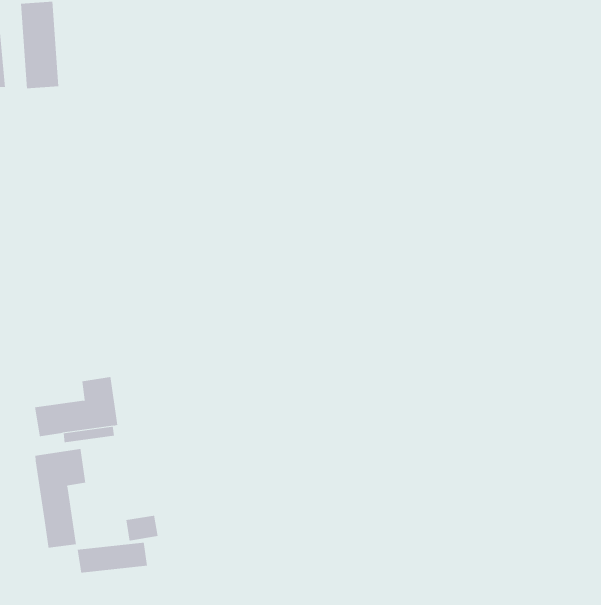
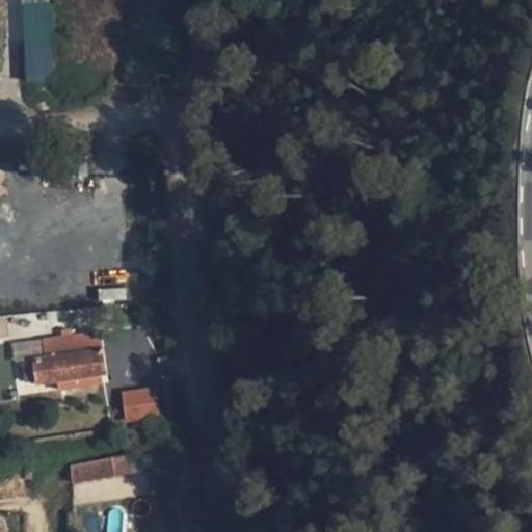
building: none -> [117,387,152,420]
building: [35,448,86,549] -> none

